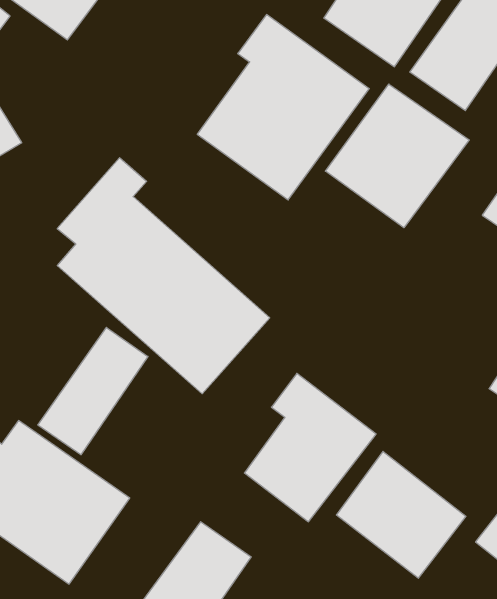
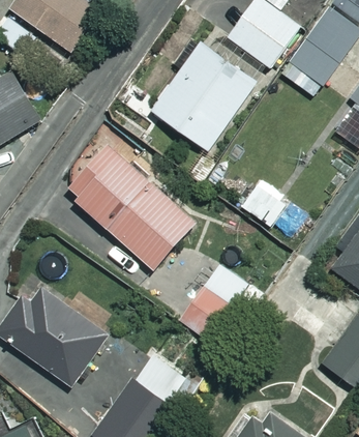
building: [325,84,469,228] -> none
building: [38,327,148,455] -> none
building: [336,451,466,578] -> none

